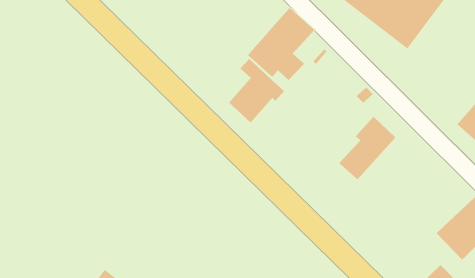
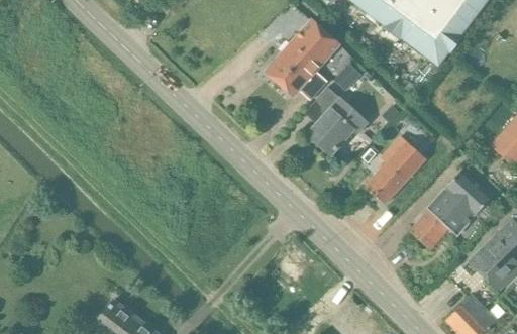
building: [228,58,285,123] -> [306,87,367,156]
building: none -> [410,170,491,249]

